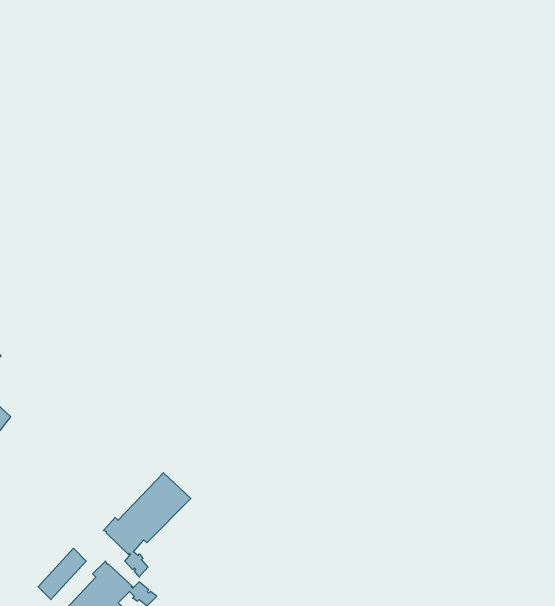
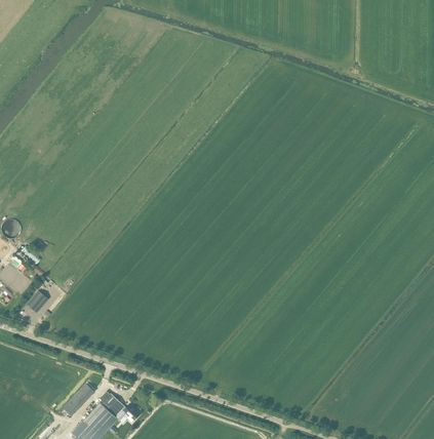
building: [103,473,191,577] -> none

